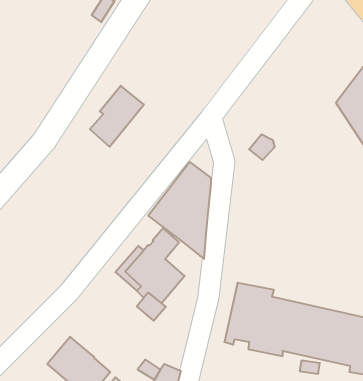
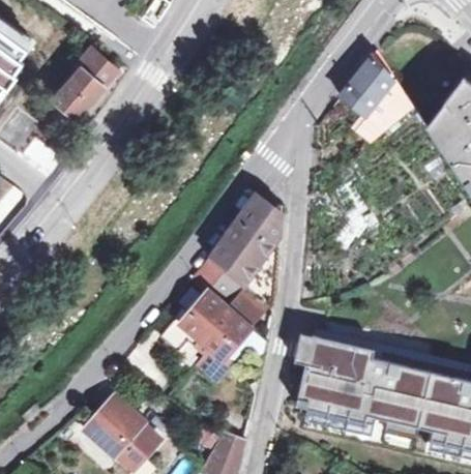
building: none -> [335,56,410,136]
building: [90,86,144,147] -> [52,53,115,124]
building: none -> [227,288,268,329]

